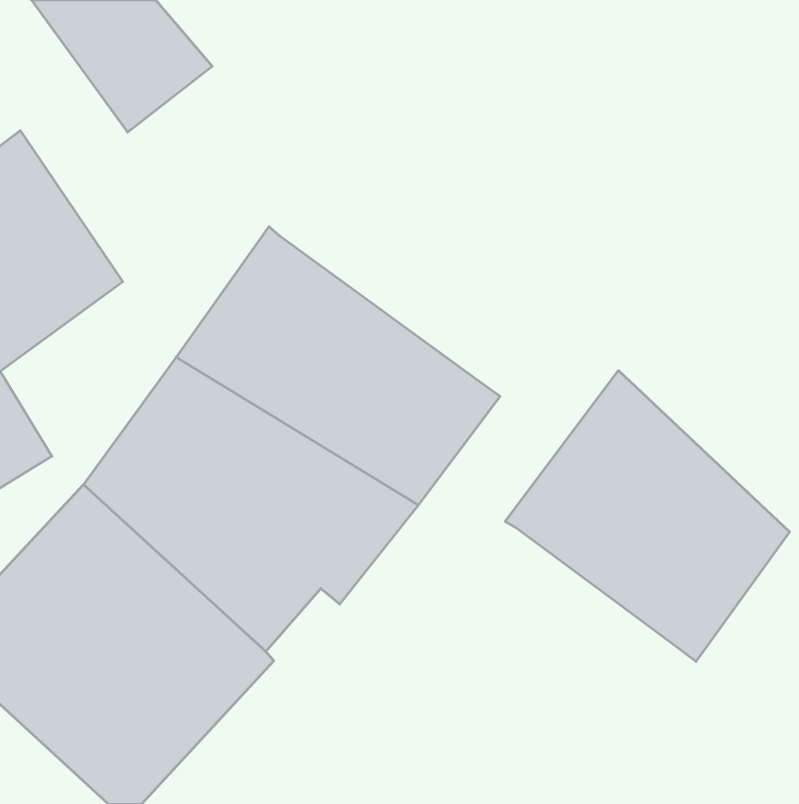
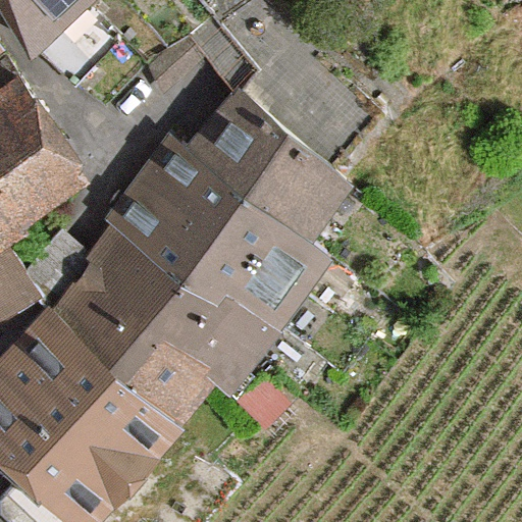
building: none -> [181,90,350,244]
building: [505,371,790,662] -> none

